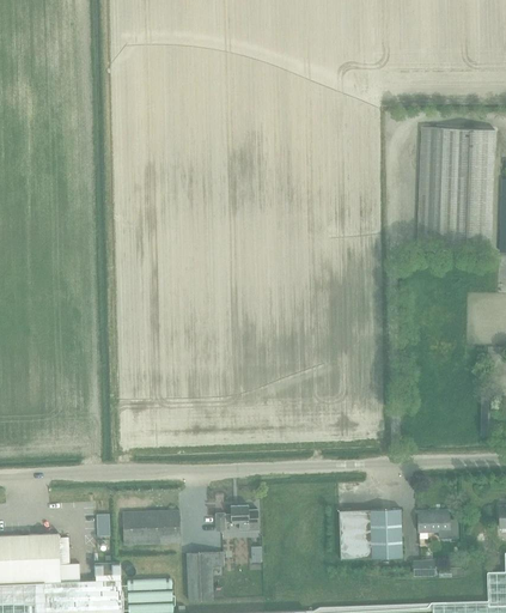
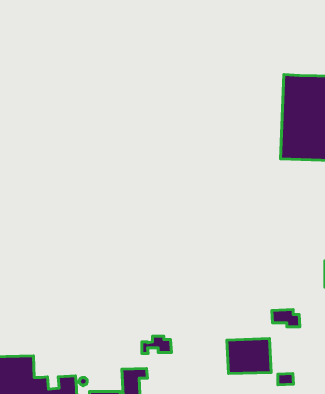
building: [123,510,181,545] -> none
building: [417,512,458,538] -> [272,310,300,327]

